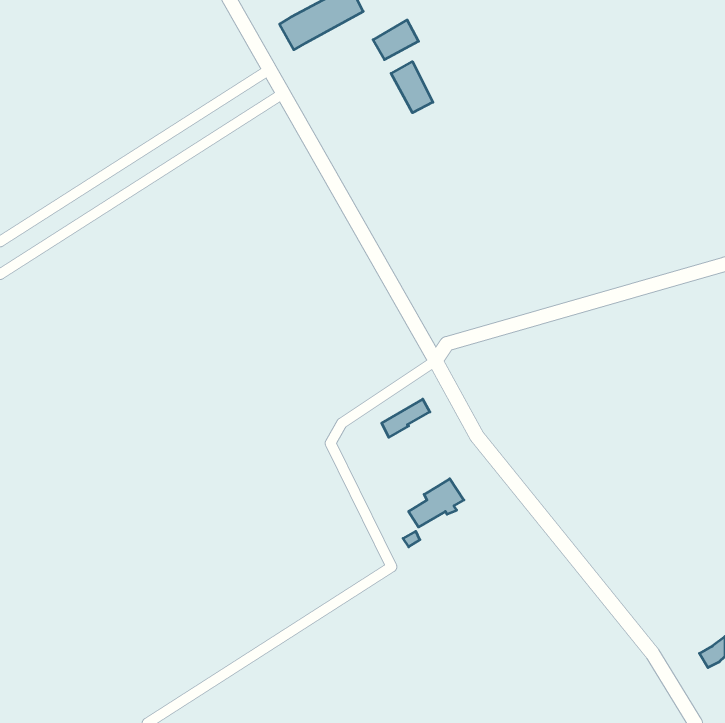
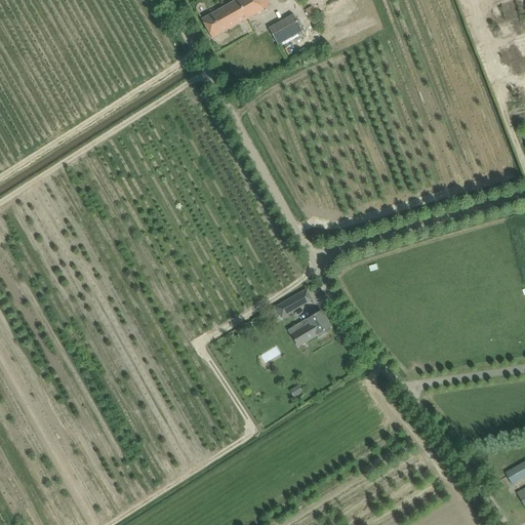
building: [391,62,433,113] -> none
building: [409,479,464,527] -> [291,310,331,345]

